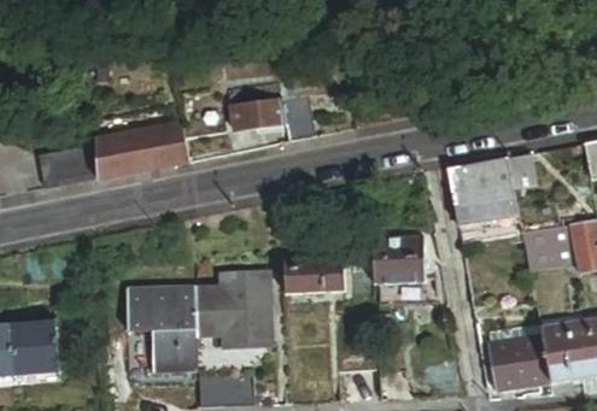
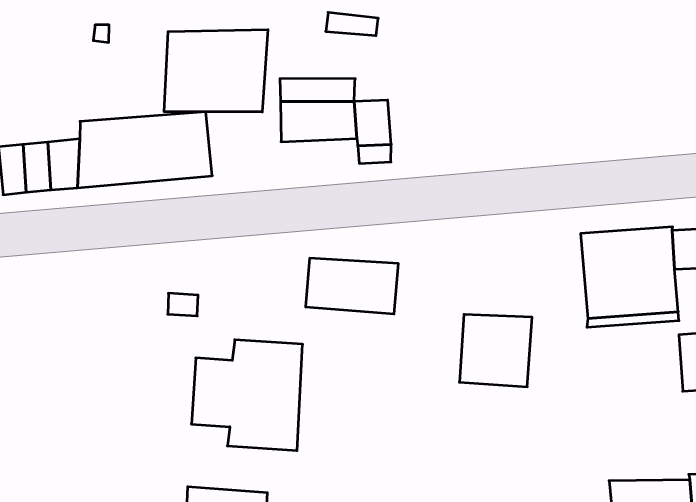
building: none -> [164,30,268,112]
building: [282,256,345,293] -> [306,258,398,314]
building: [124,284,197,372] -> none

